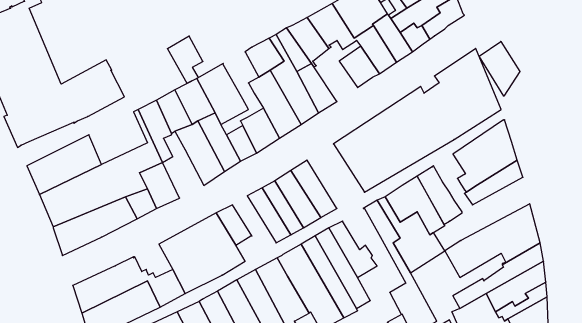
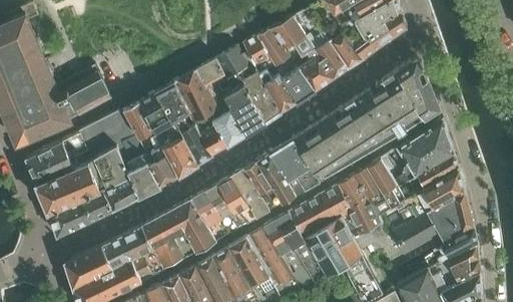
building: [167,36,203,83] -> [196,60,227,101]
building: [479,41,520,96] -> none
building: none -> [276,61,314,103]
building: none -> [79,112,130,159]
building: none -> [270,140,320,197]
building: none -> [143,145,179,188]
building: none -> [394,170,464,225]
building: none -> [204,186,242,235]
building: none -> [301,197,356,279]
building: none -> [118,228,152,257]

